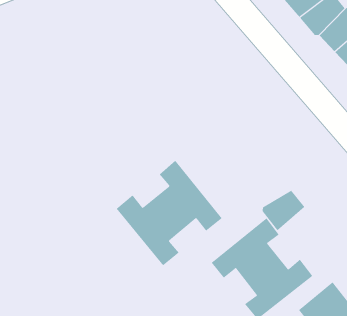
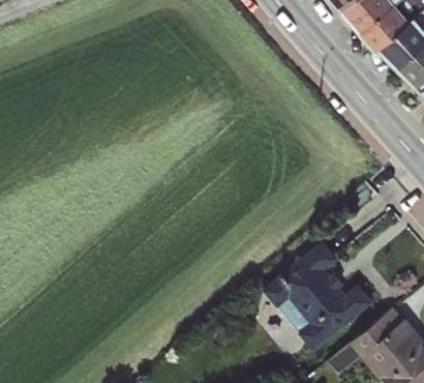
building: [116,160,222,266] -> none
building: [262,190,305,231] -> none

